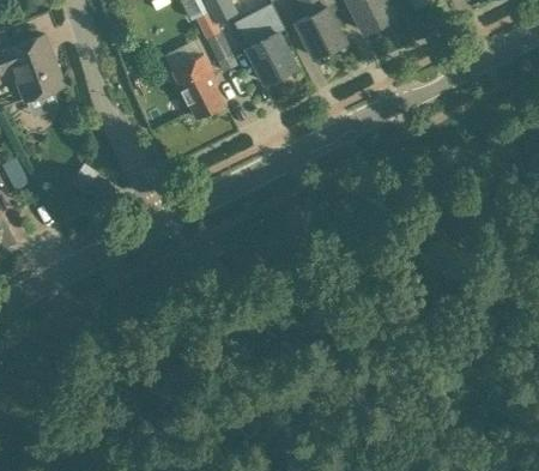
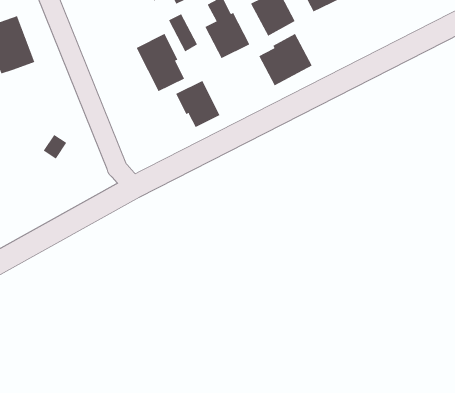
building: none -> [259,33,313,86]
building: none -> [176,80,220,128]

